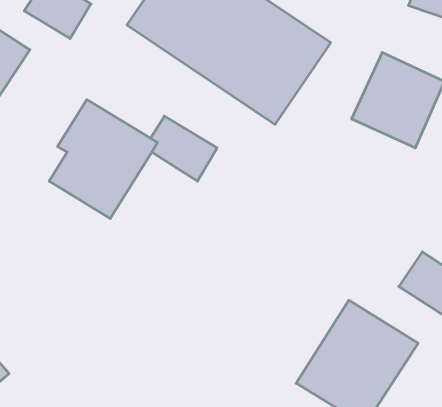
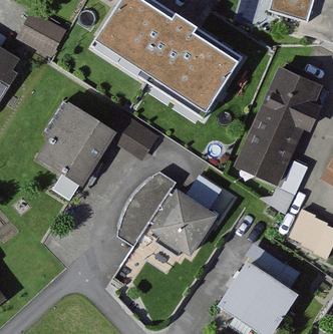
building: none -> [232,113,305,193]
building: none -> [116,171,224,262]

